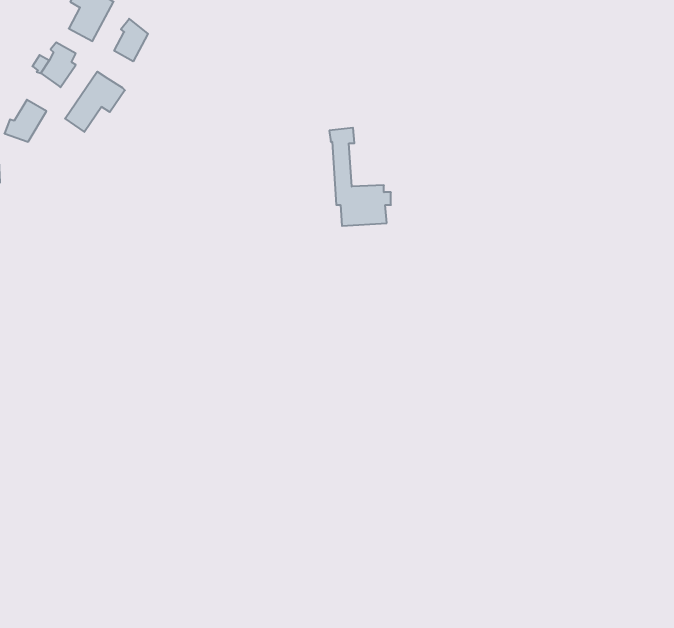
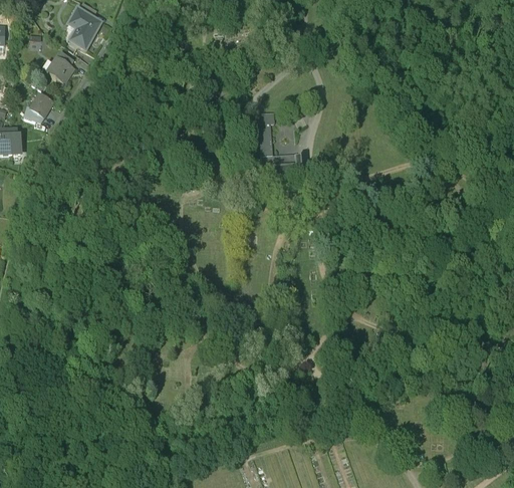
building: [114,19,148,61] -> none
building: [65,72,125,132] -> none

